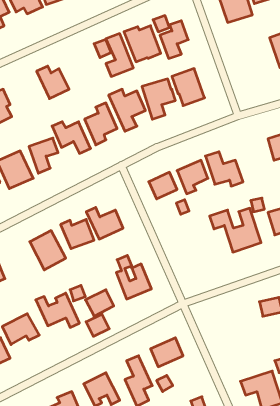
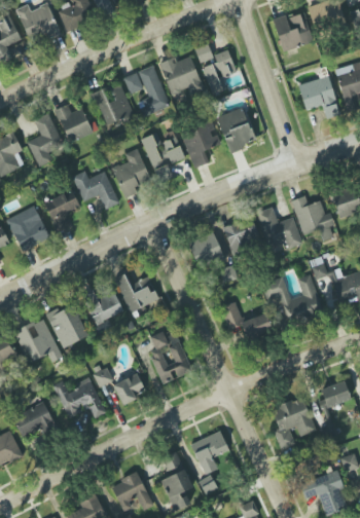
building: none -> [298,76,338,118]
building: none -> [92,81,134,125]
building: none -> [27,112,64,166]
building: none -> [290,195,334,239]
building: none -> [220,301,272,338]
building: none -> [15,317,61,362]
building: none -> [271,396,315,451]
building: [86,314,109,336] -> none

